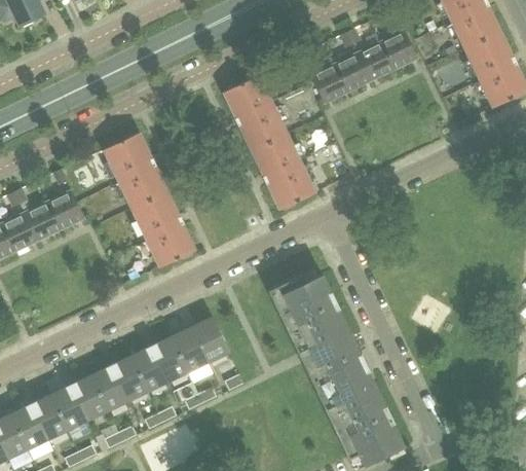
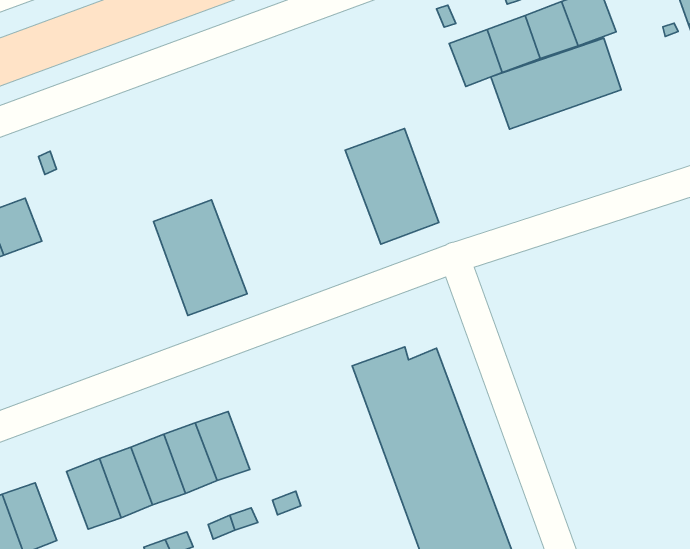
building: none -> [491,38,621,129]
building: [223,75,288,151] -> none
building: [104,133,167,209] -> none
building: [47,190,84,228] -> none
building: [191,317,230,363] -> none
building: [71,375,108,421] -> none

